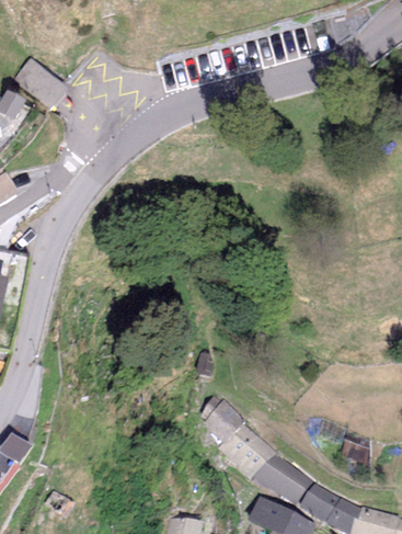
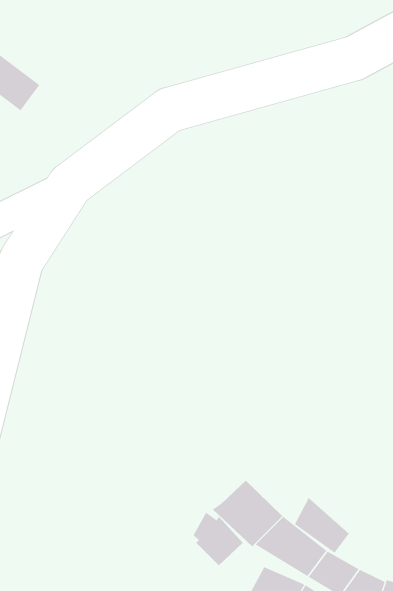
building: [200,396,243,442] -> [193,512,243,566]
building: none -> [294,497,349,553]

